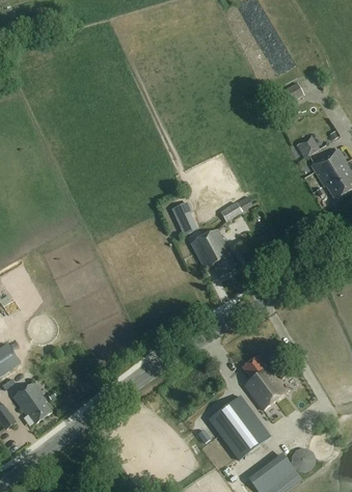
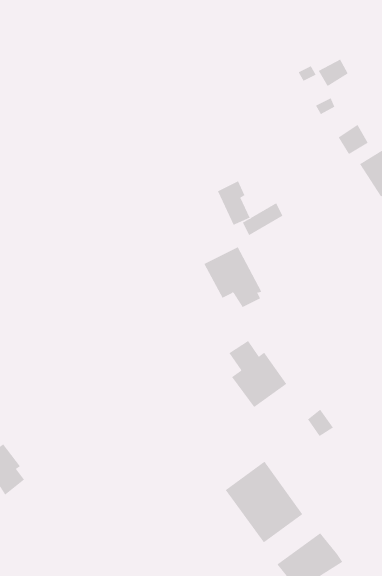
building: [170,200,196,236] -> [217,180,251,226]
building: [241,356,287,409] -> [228,340,287,408]
building: [291,447,314,471] -> none

